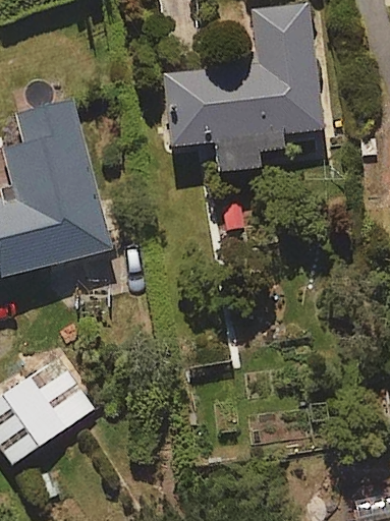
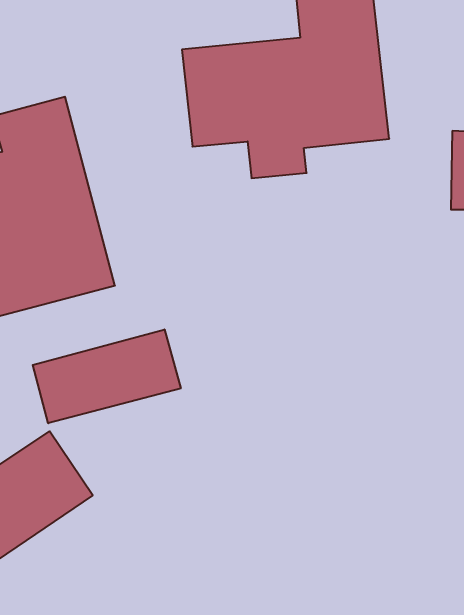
building: none -> [33,329,181,423]

